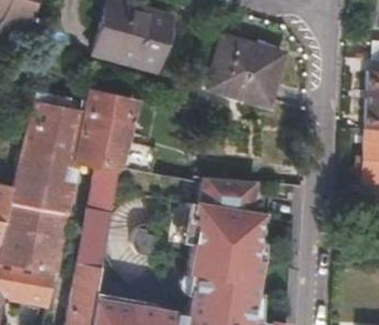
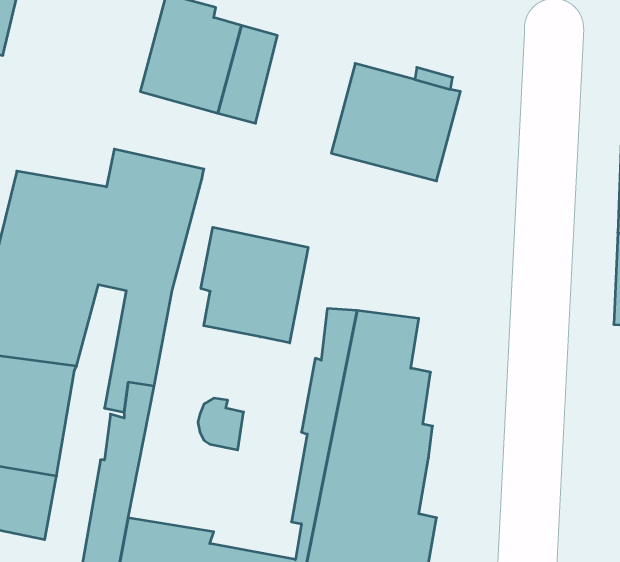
building: none -> [201,227,308,343]

